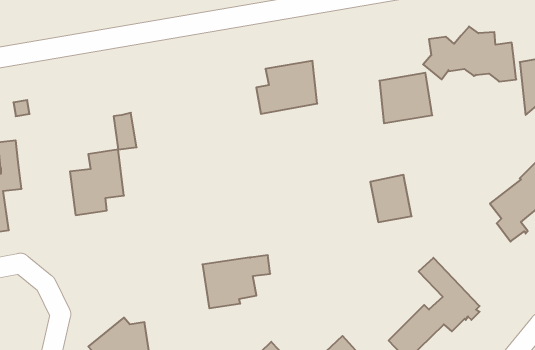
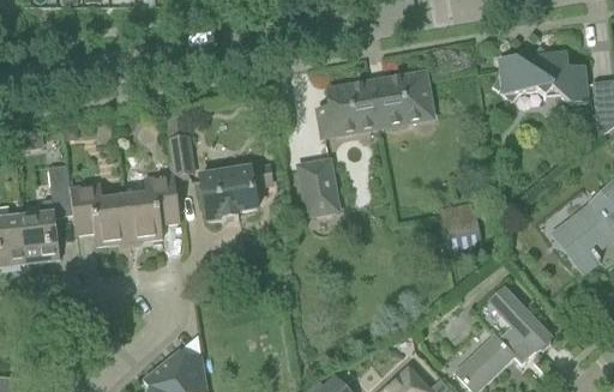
building: [379,73,432,123] -> [377,72,432,125]
building: none -> [299,158,337,211]
building: none -> [70,182,130,245]
building: [202,255,270,308] -> [200,164,271,219]

